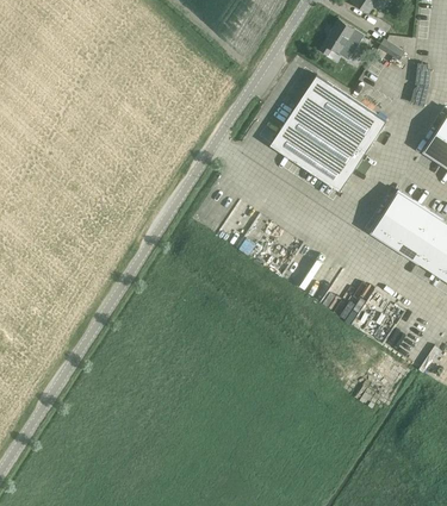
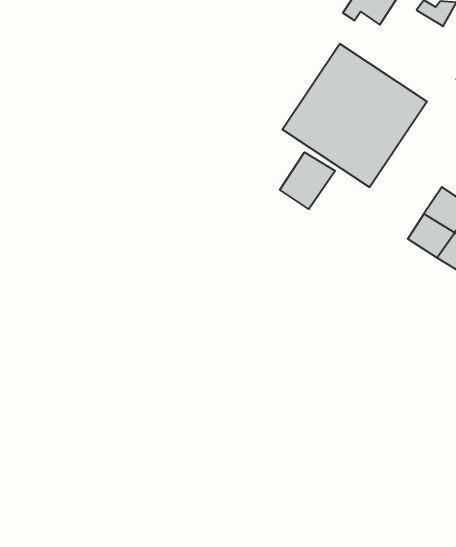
building: none -> [280,152,335,209]

